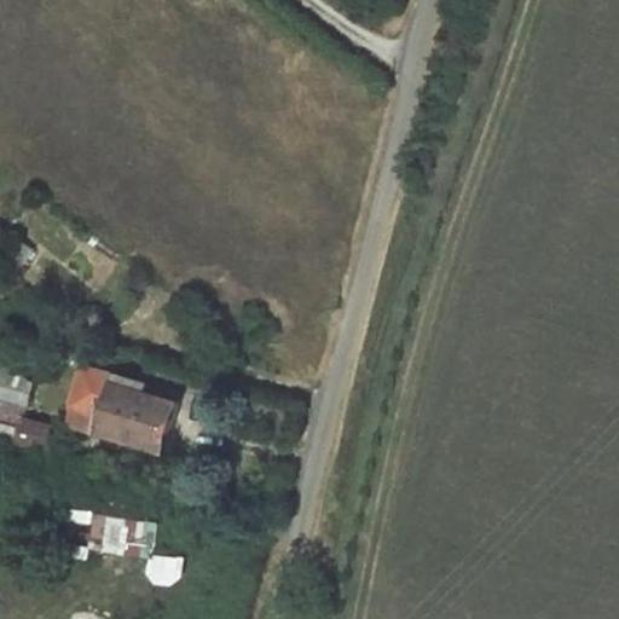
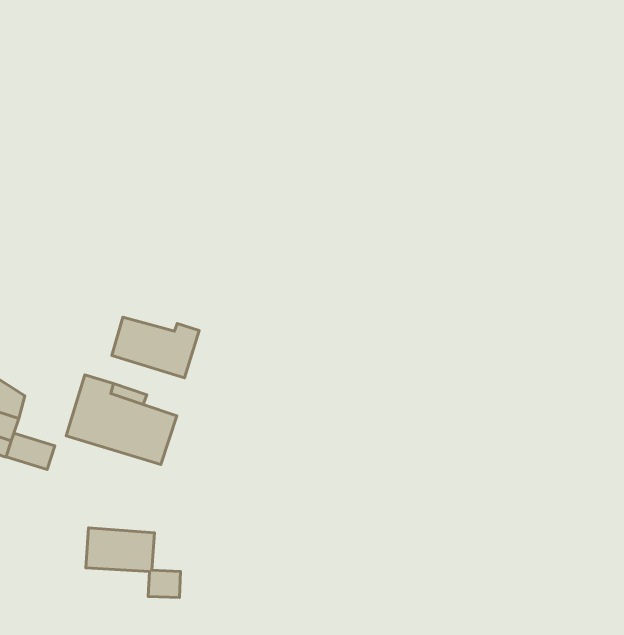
building: none -> [112,317,199,378]

